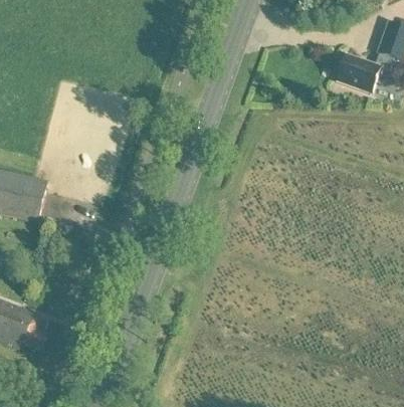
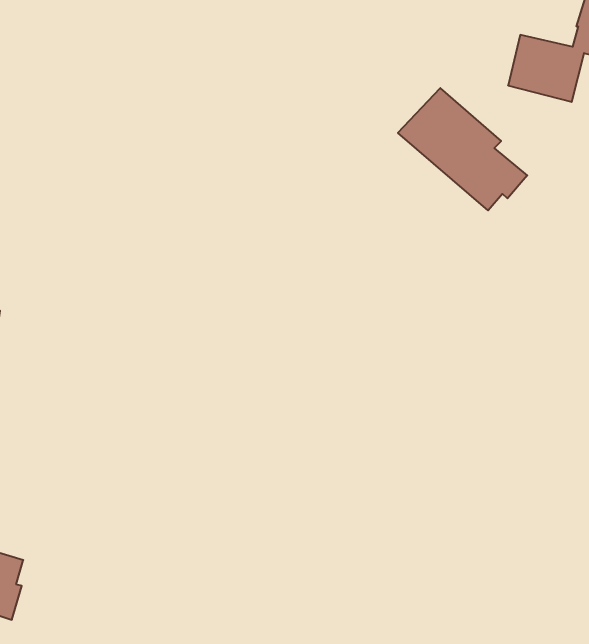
building: none -> [398,88,527,210]

